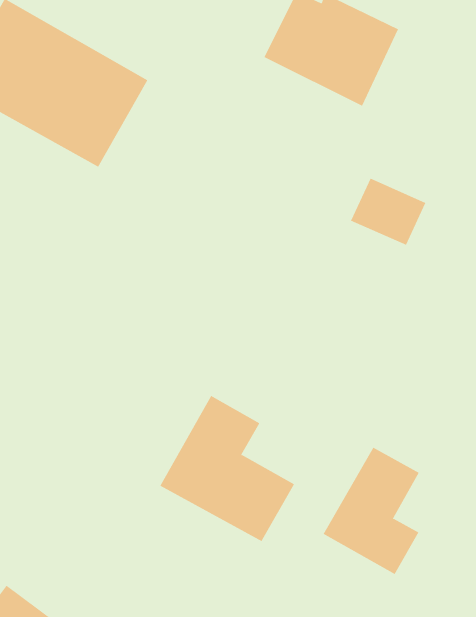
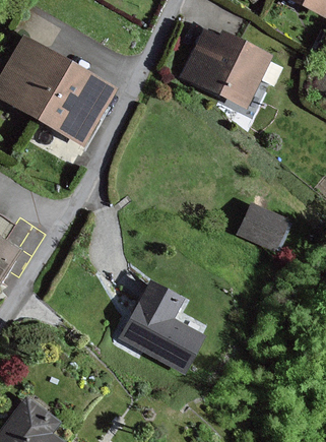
building: [350,178,426,246] -> [240,206,286,248]
building: [323,447,419,575] -> none

